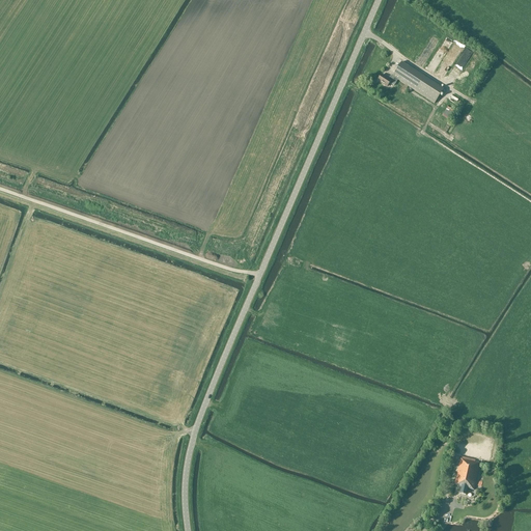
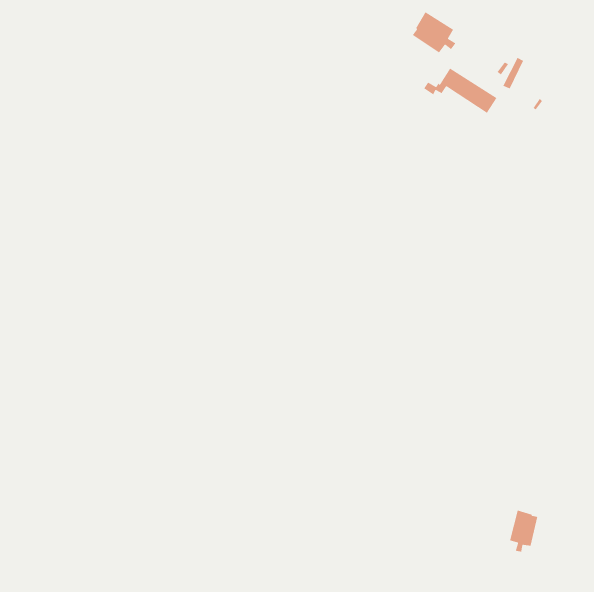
building: none -> [412,11,456,54]

